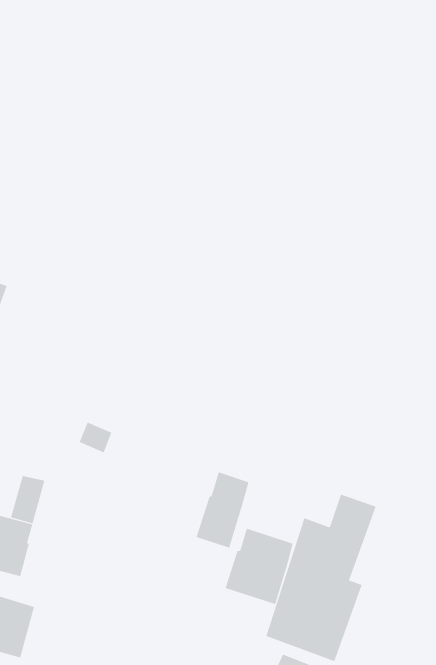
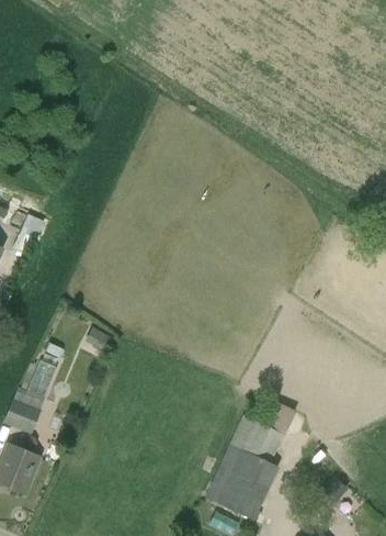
building: [196,472,249,548] -> none
building: [225,528,293,605] -> none

